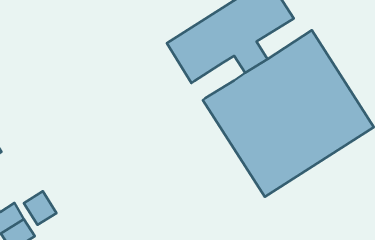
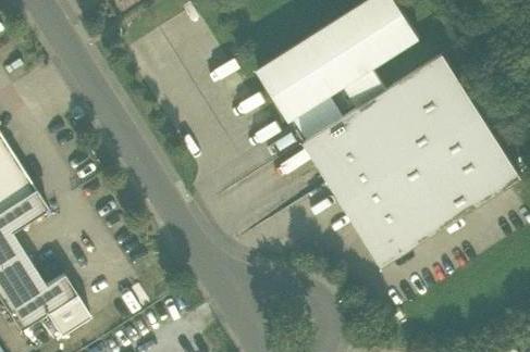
building: none -> [292,95,343,140]
building: [24,191,56,225] -> none

